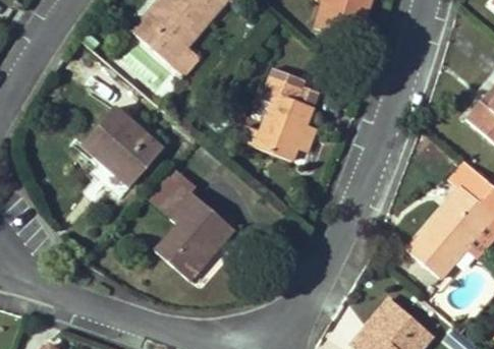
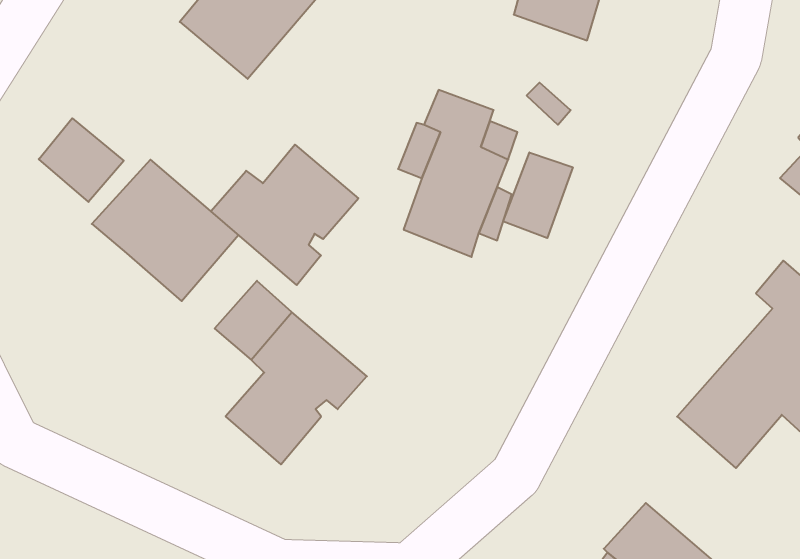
building: none -> [39,118,124,202]
building: none -> [211,145,358,285]
building: none -> [503,152,573,238]

